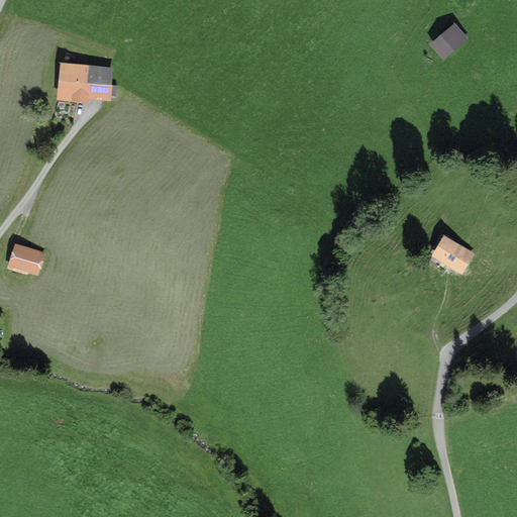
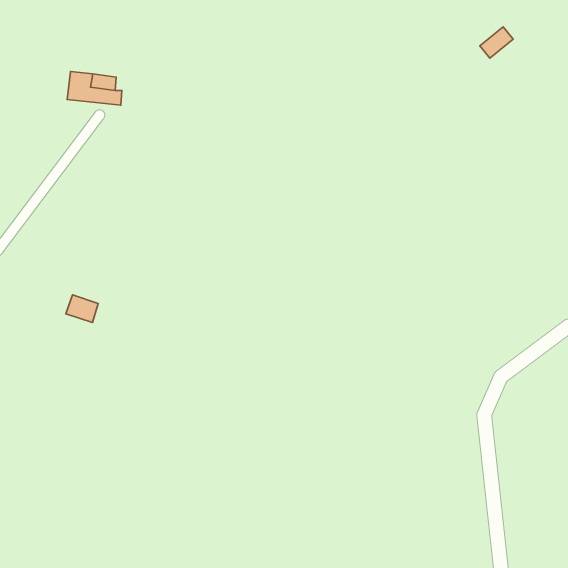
building: [434,239,467,268] -> none
building: [10,244,39,270] -> [66,295,98,323]

